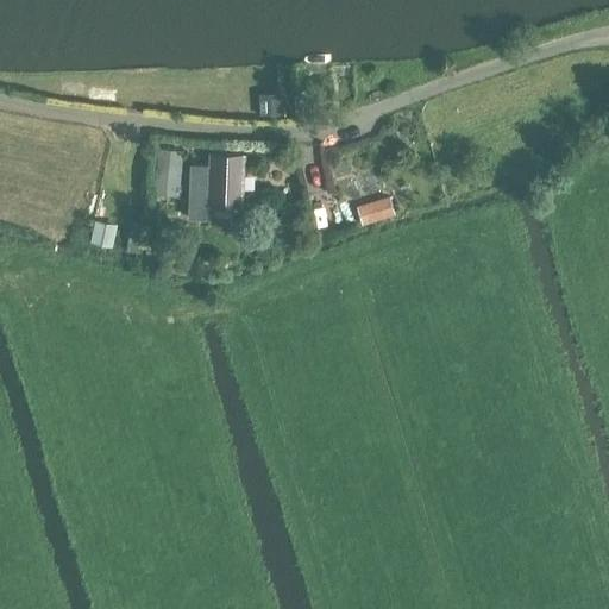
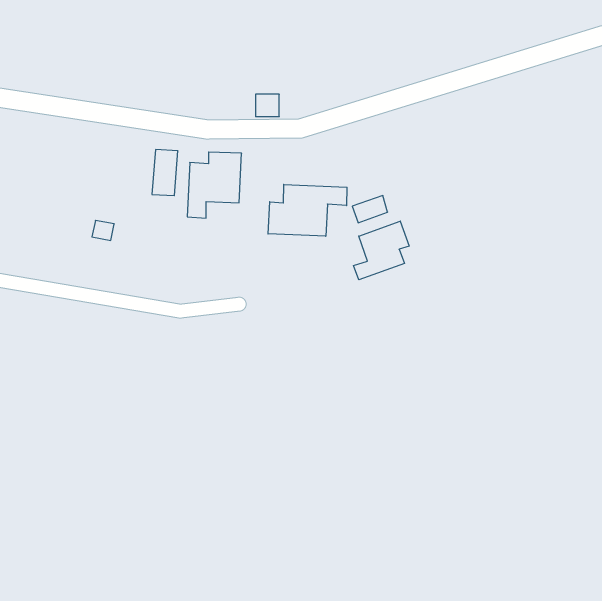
building: none -> [268,184,347,236]
building: none -> [353,221,409,280]

